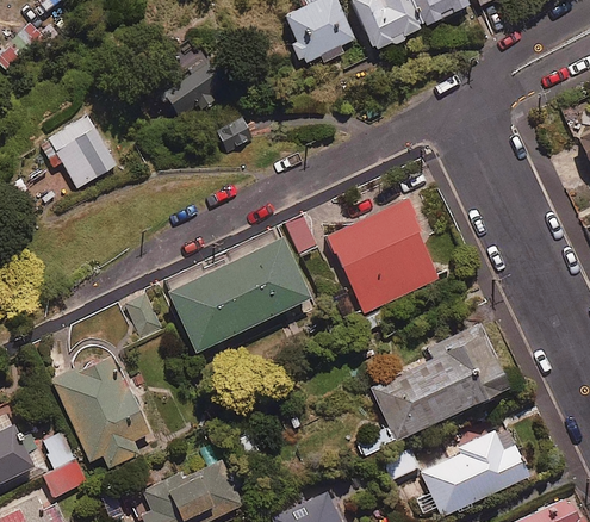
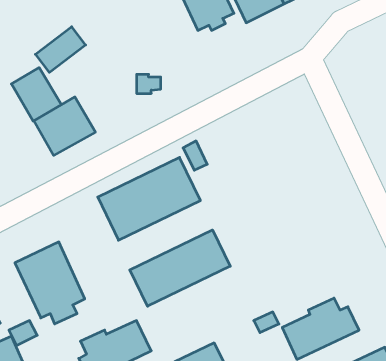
building: [162,55,231,118] -> [35,27,86,72]
building: none -> [34,97,95,155]
building: [328,200,439,312] -> none
building: [372,323,508,440] -> none
building: none -> [130,230,230,306]

